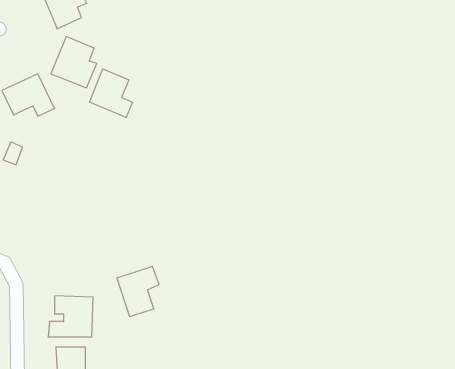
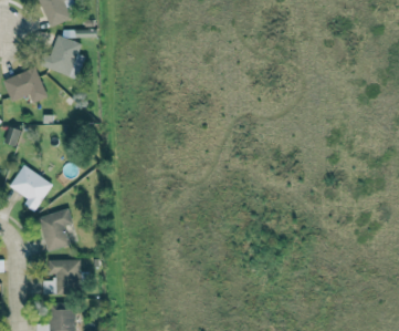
building: [89,69,132,118] -> none
building: none -> [9,165,52,213]
building: [117,267,159,317] -> [36,208,73,251]

